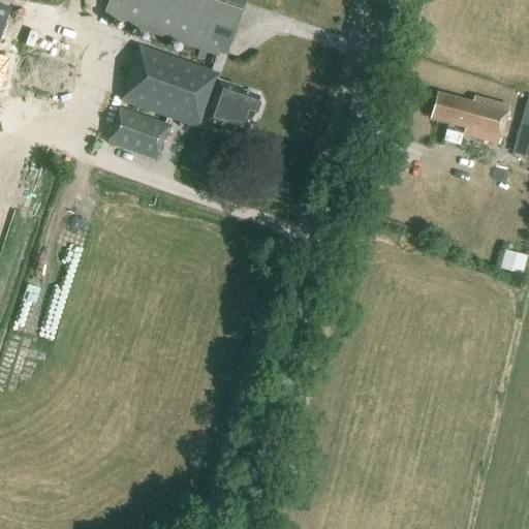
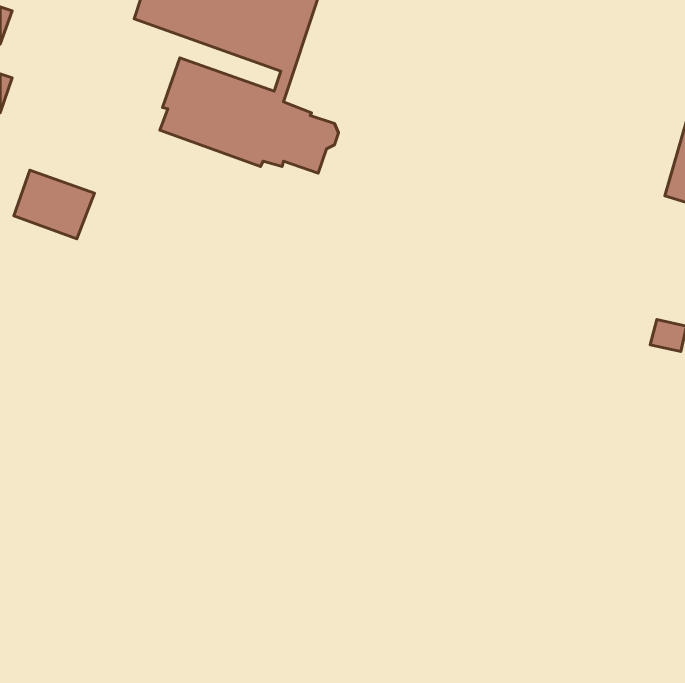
building: [432,92,510,144] -> none
building: [108,105,170,158] -> [14,170,94,239]

